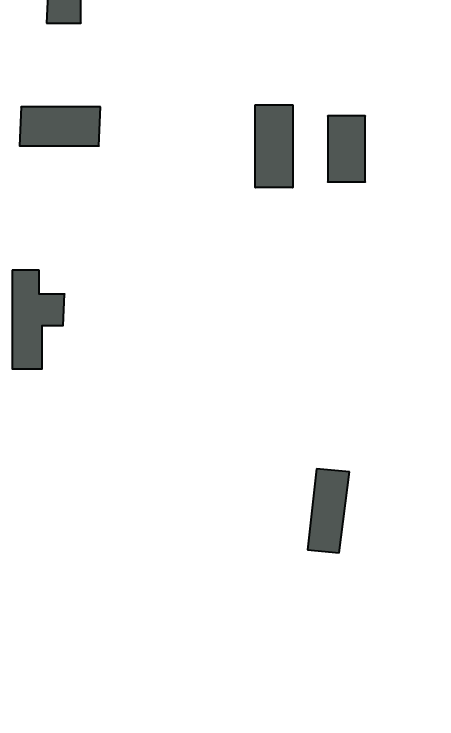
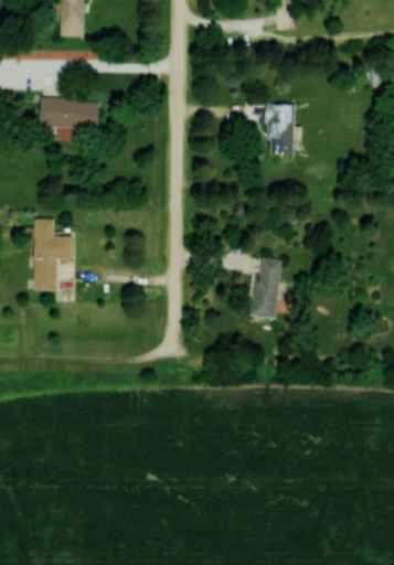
building: [255,105,293,188] -> none
building: [308,469,349,553] -> [251,257,281,319]

